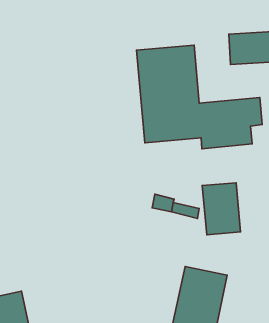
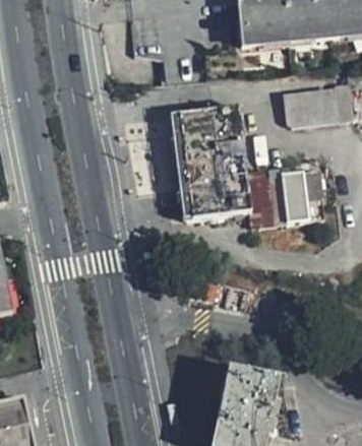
building: [202,183,241,235] -> none

